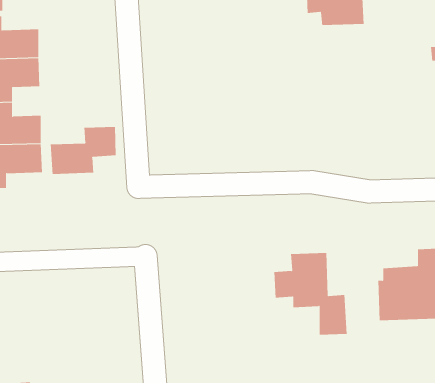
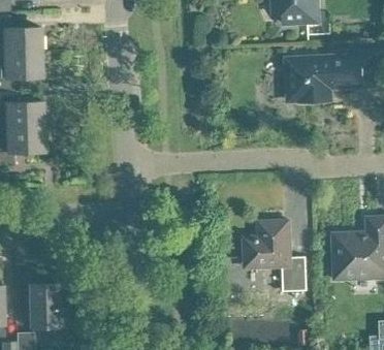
building: none -> [286,50,377,101]
building: [50,126,116,175] -> none
building: none -> [29,283,66,326]

